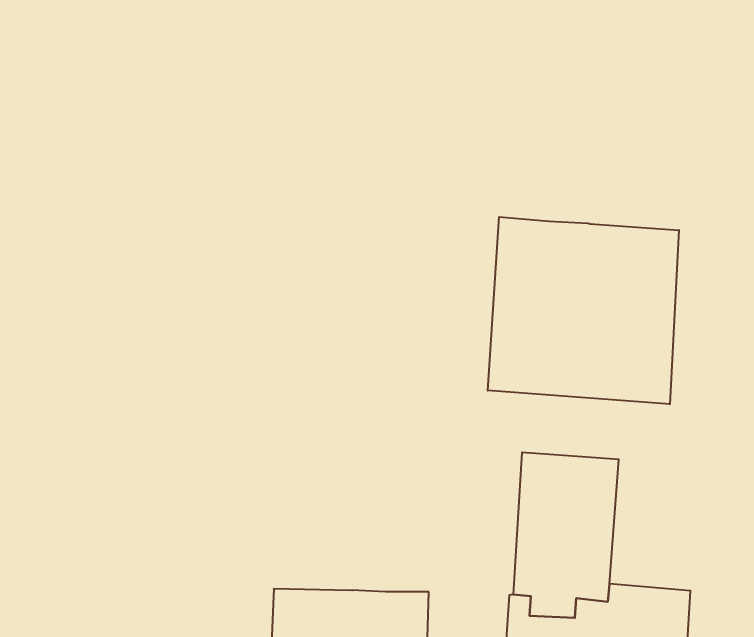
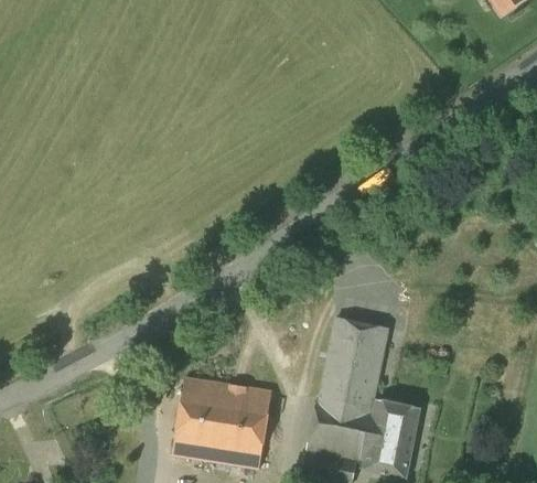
building: [488,217,679,404] -> none

